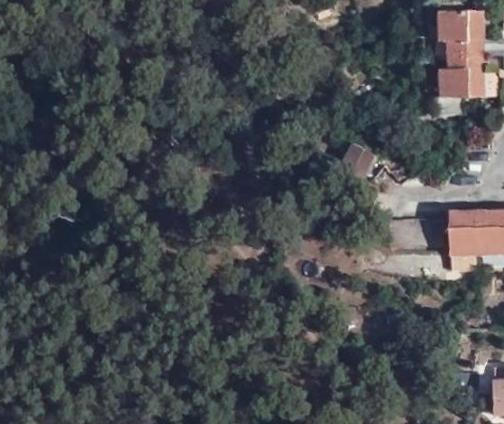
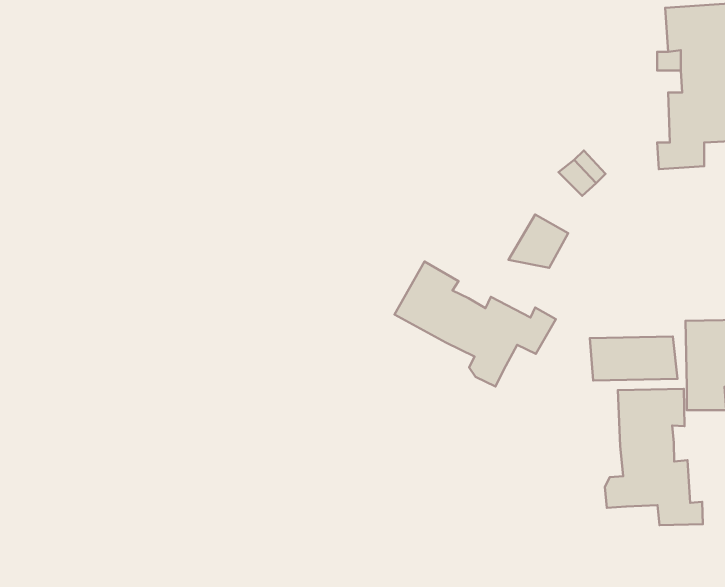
building: none -> [394,262,556,386]
building: none -> [605,389,703,525]

